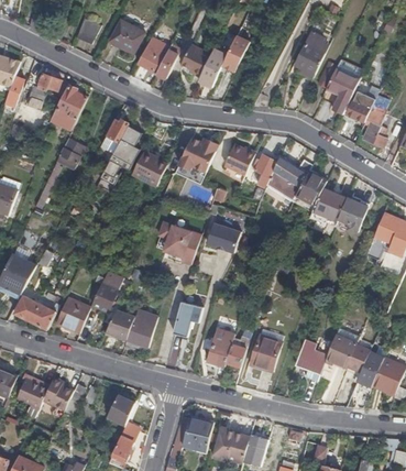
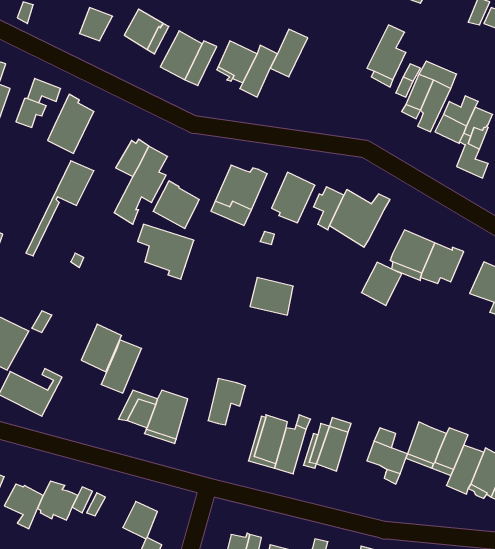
building: [295,172,326,205] -> [361,262,402,306]
building: [157,222,200,264] -> [138,224,194,279]
building: [57,295,88,331] -> [81,324,122,372]

